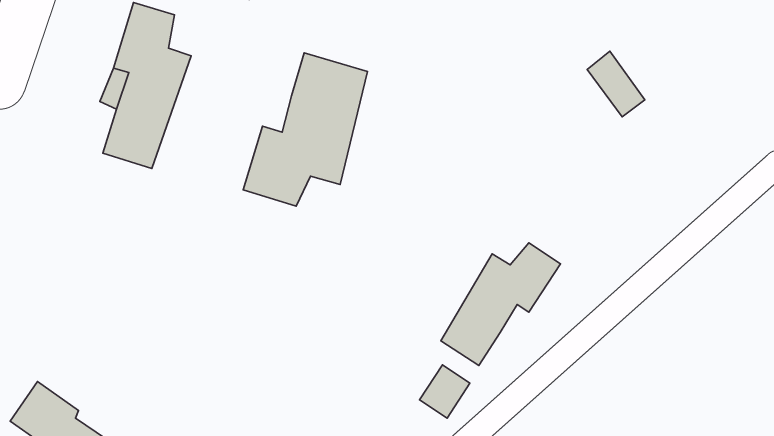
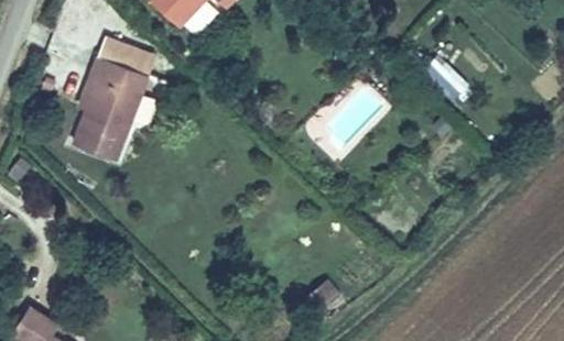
building: [243,53,367,206] -> none
building: [441,243,561,365] -> none

